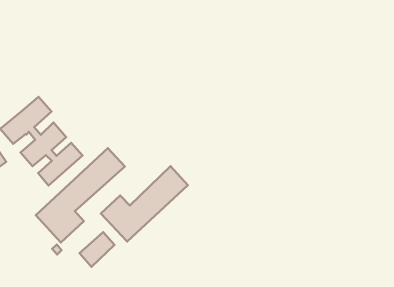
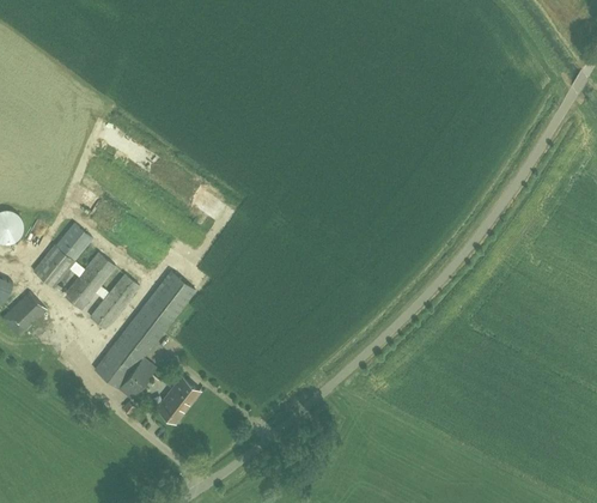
building: [101,166,188,242] -> none

